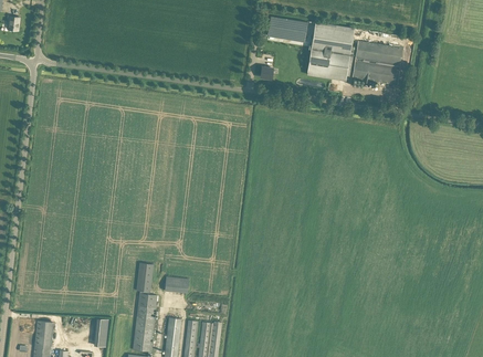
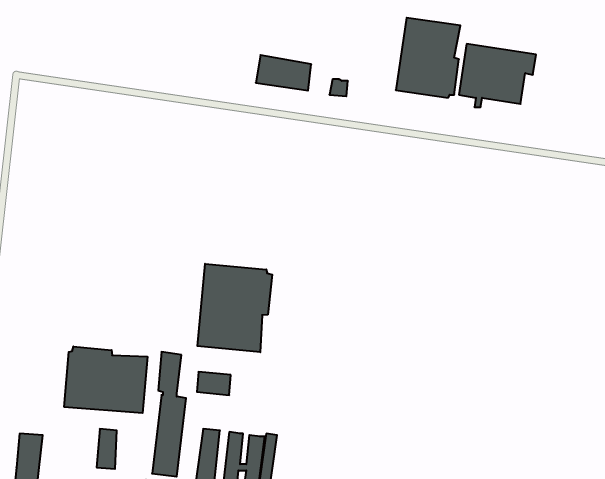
building: [267,15,307,41] -> [256,55,311,91]
building: none -> [197,264,272,352]
building: none -> [64,346,147,413]

